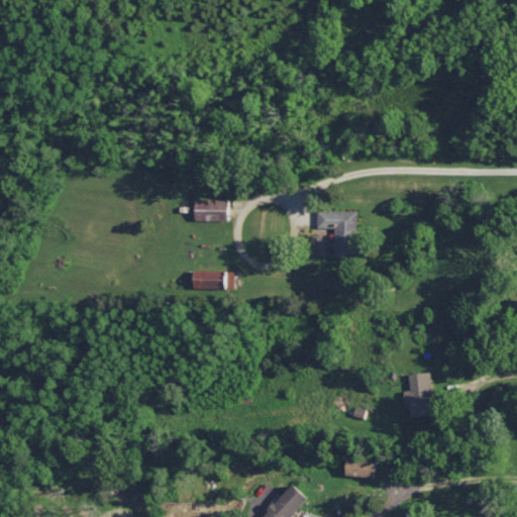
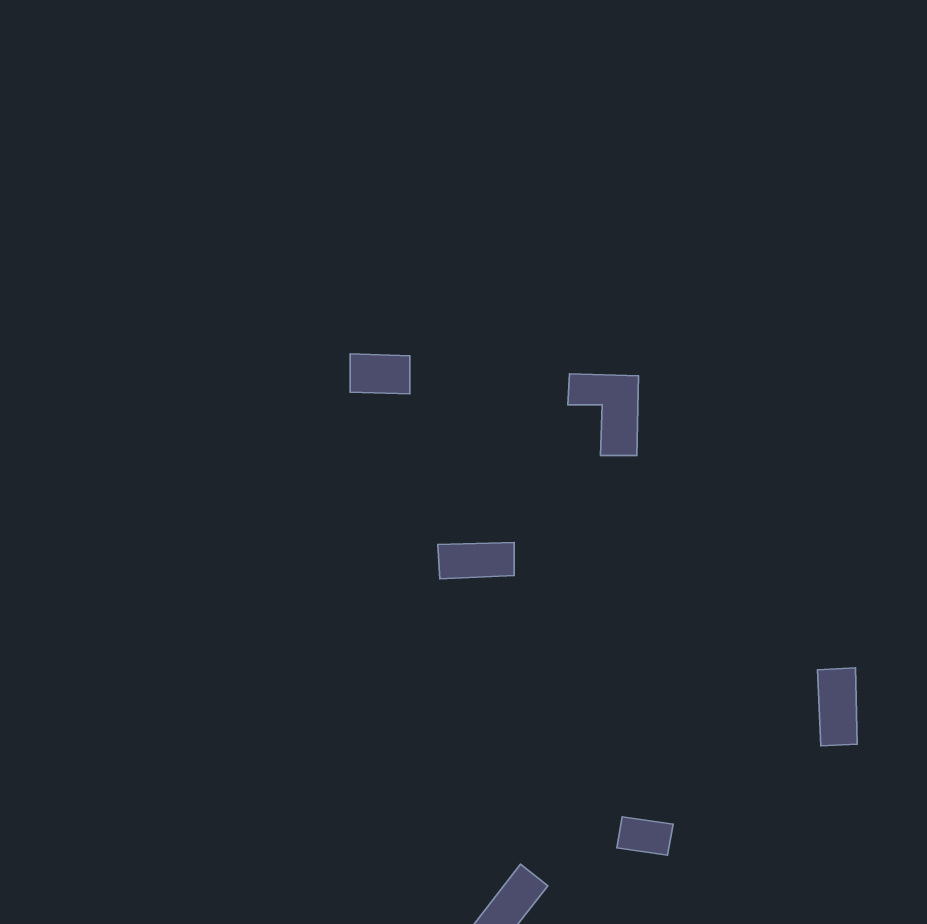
building: [192,270,234,290] -> [438,543,514,579]
building: [408,373,430,416] -> [817,668,857,746]

